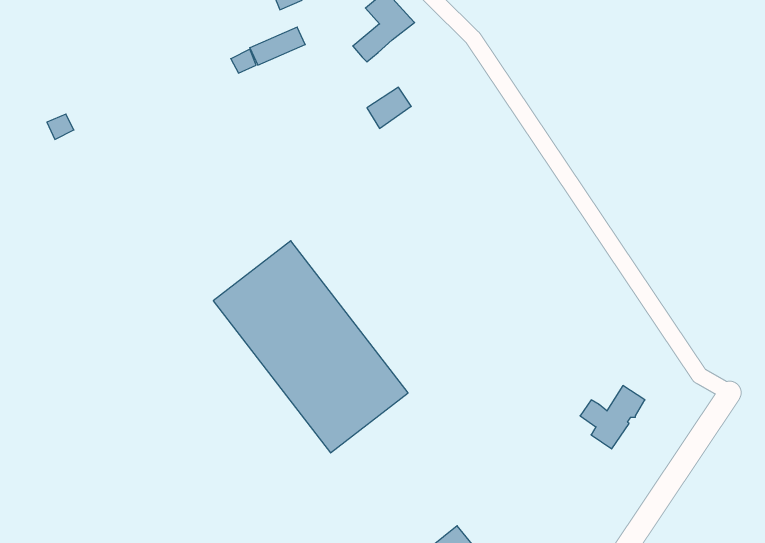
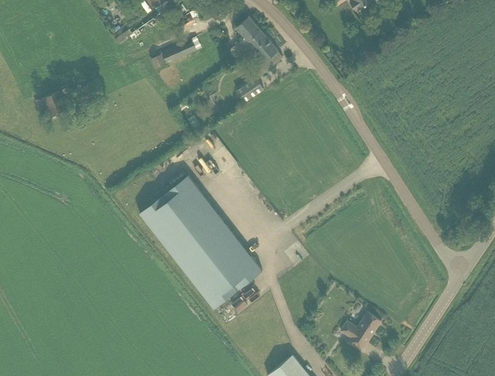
building: none -> [252,37,278,76]
building: [580,386,645,449] -> [340,312,381,352]

